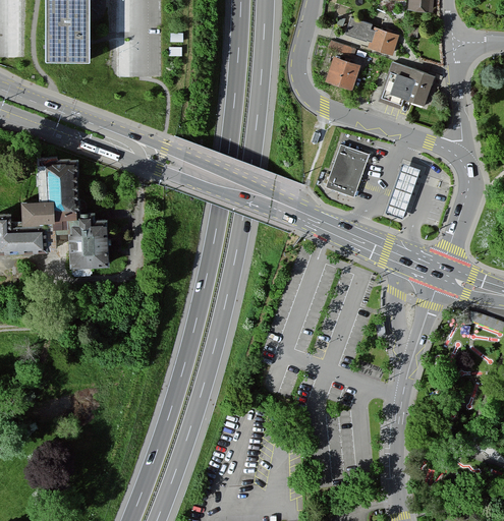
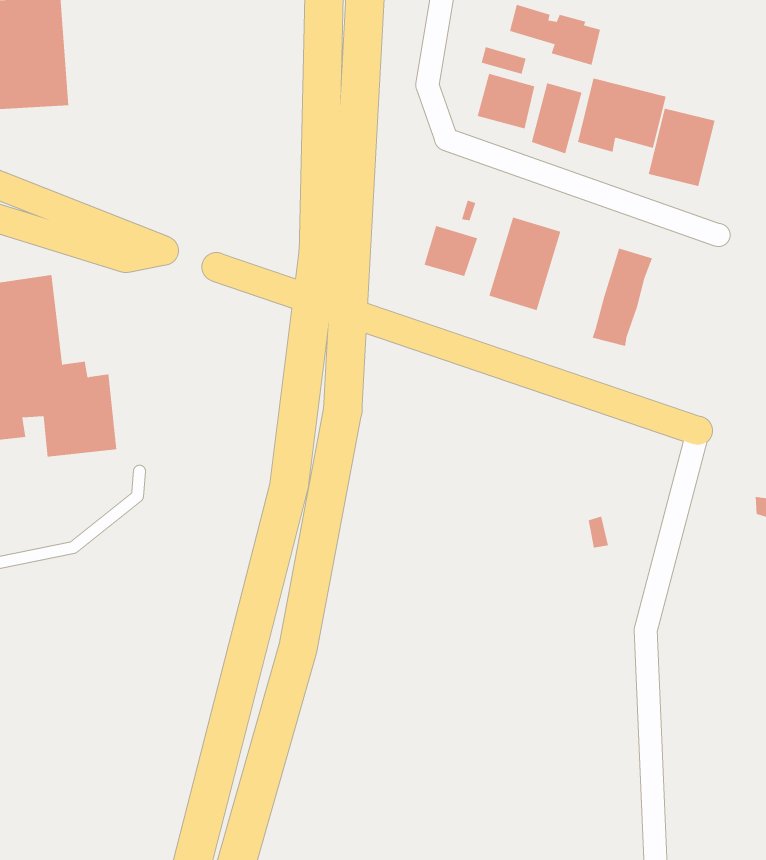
building: none -> [531,83,582,154]
building: none -> [648,108,715,187]
building: none -> [424,225,478,277]

